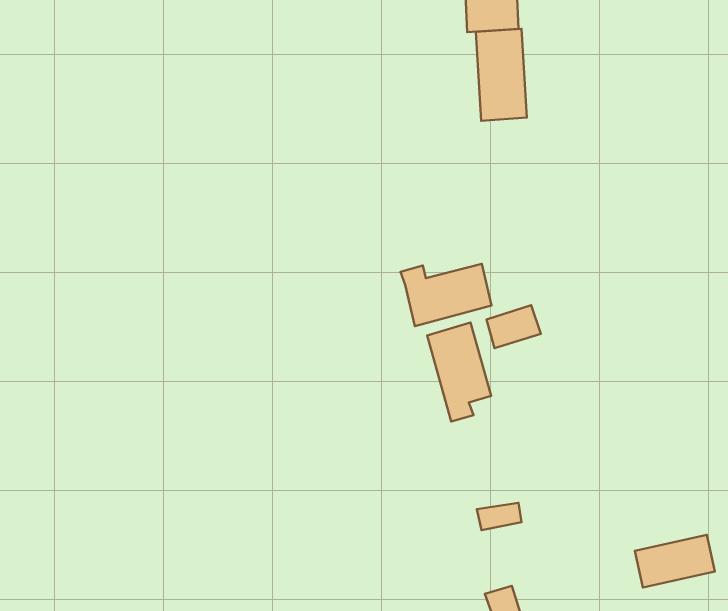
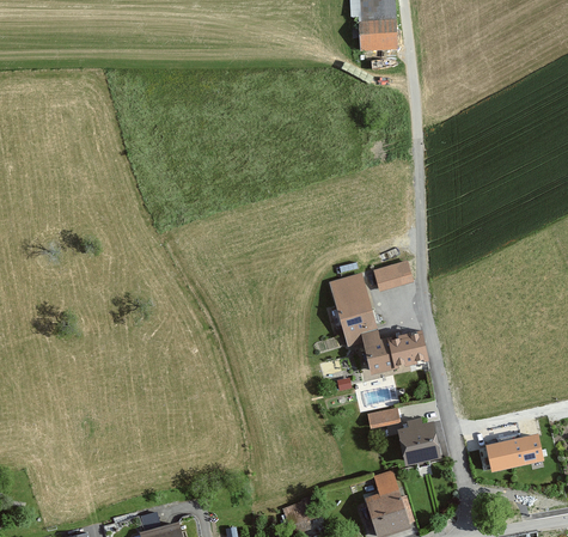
building: [476,29,527,121] -> none
building: [400,264,491,326] -> [360,327,428,373]
building: none -> [396,416,441,464]

